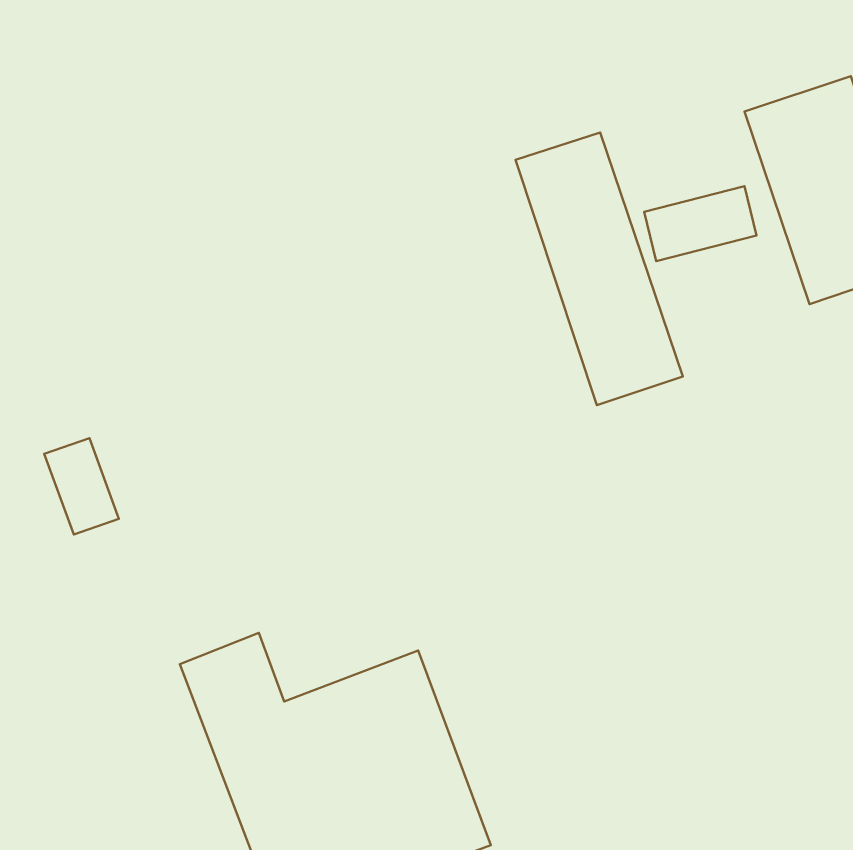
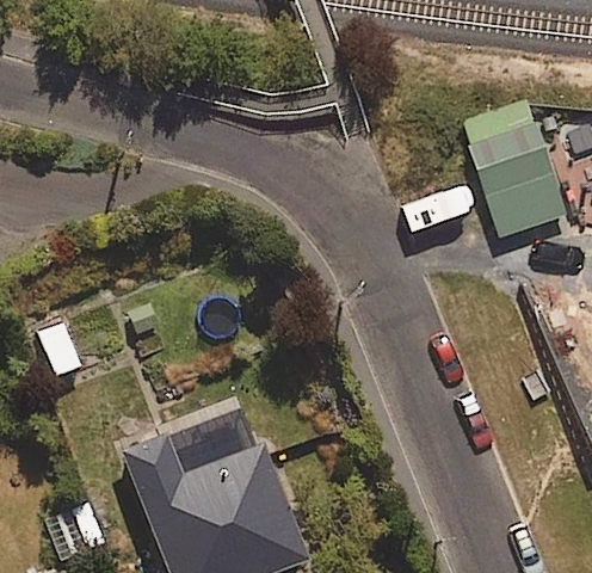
building: [516,132,683,405] -> none

